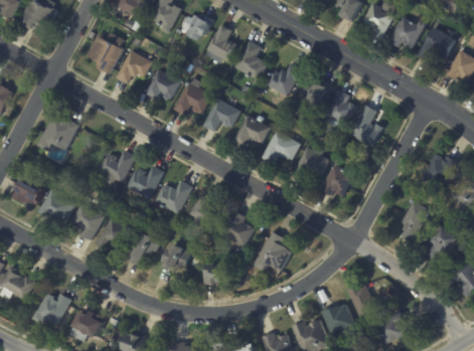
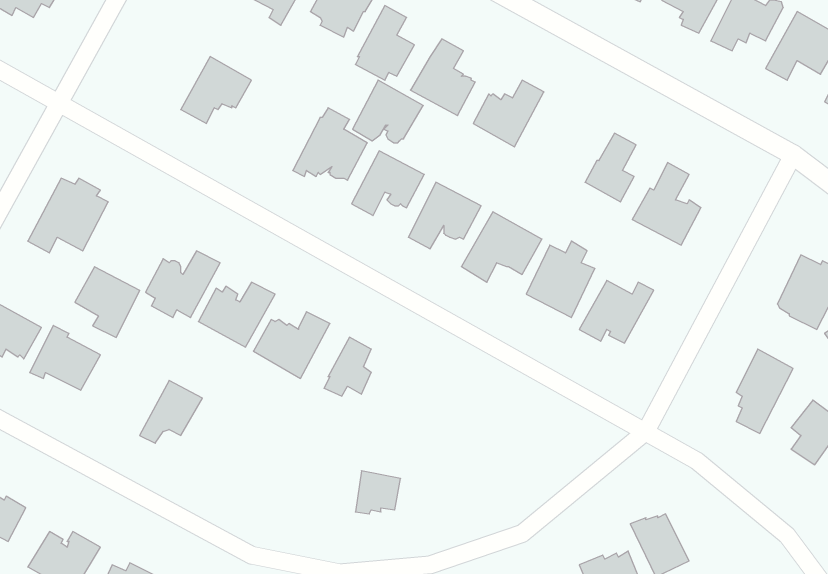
building: [87,32,124,74] -> none
building: [144,68,180,101] -> [353,80,423,143]
building: [300,78,330,108] -> none
building: [68,204,102,240] -> [75,267,140,337]
building: [220,211,254,250] -> none
building: [126,231,160,266] -> none
building: [254,231,292,272] -> none
building: [161,243,192,270] -> none

